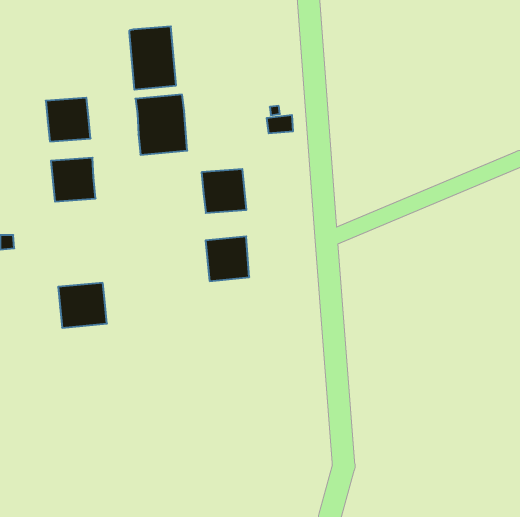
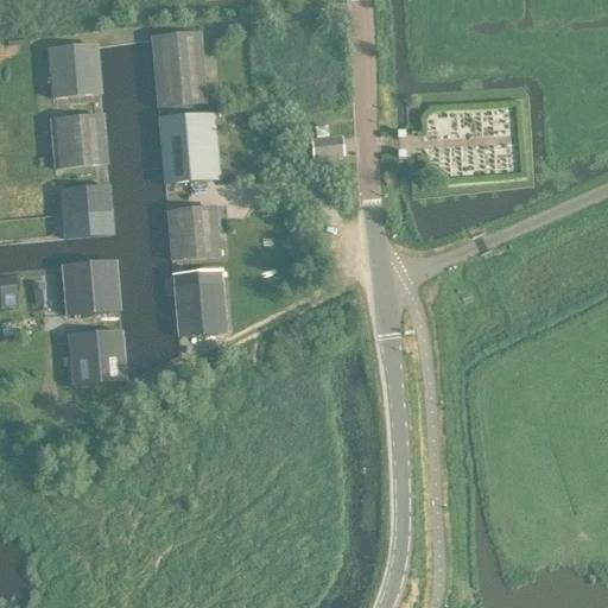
building: none -> [48,44,100,95]
building: [202,169,246,213] -> [166,205,218,256]
building: none -> [62,260,119,312]
building: [206,236,249,281] -> [173,281,224,334]

